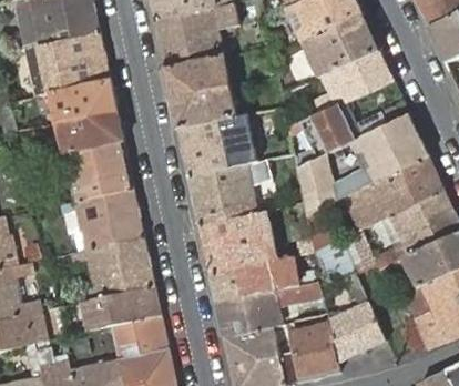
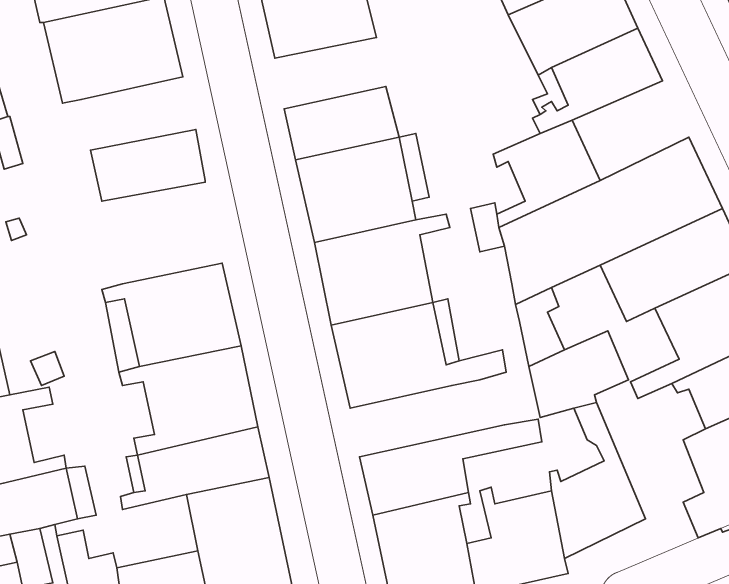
building: [163,57,229,99] -> none
building: [50,79,118,123] -> none
building: [62,142,133,202] -> none
building: [208,258,299,304] -> none

